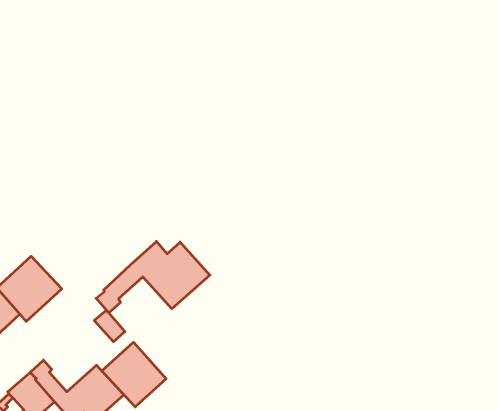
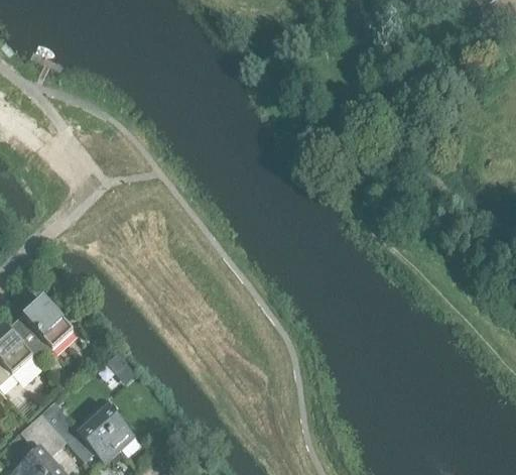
building: [96,241,210,313] -> none
building: [102,342,166,407] -> none

